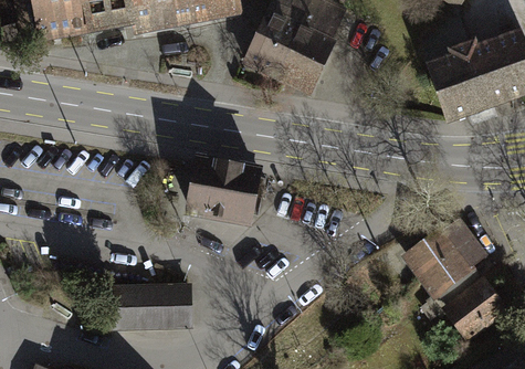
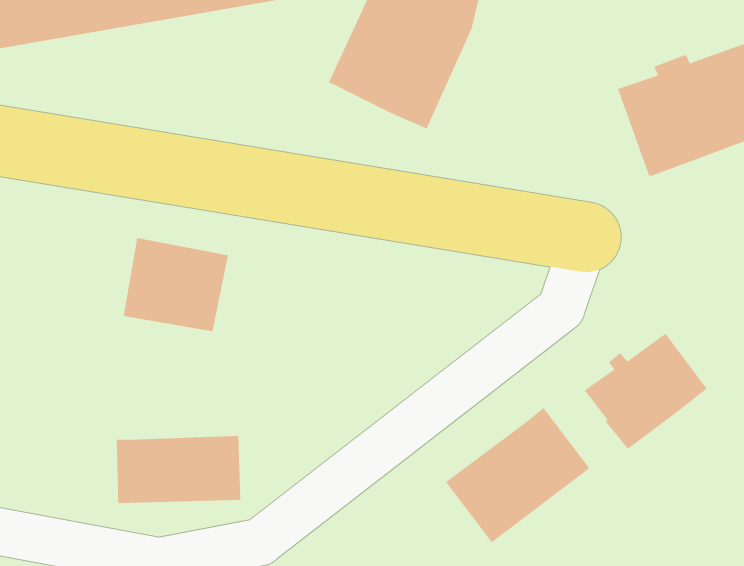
building: [191,161,259,221] -> [123,238,229,332]
building: none -> [445,407,590,543]
building: [444,267,502,334] -> none

